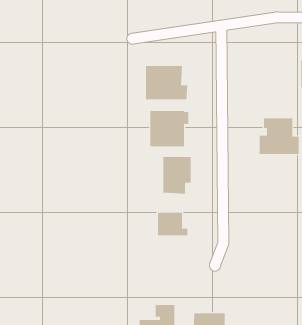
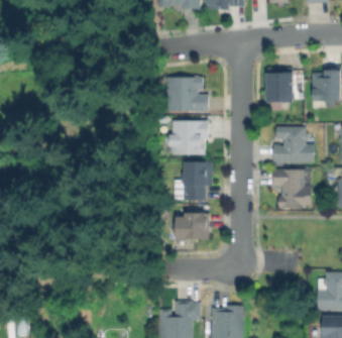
building: none -> [268,70,296,99]
building: none -> [275,170,307,207]

